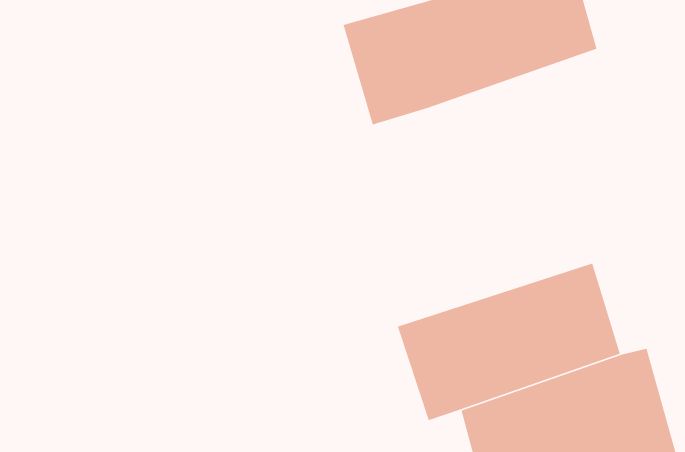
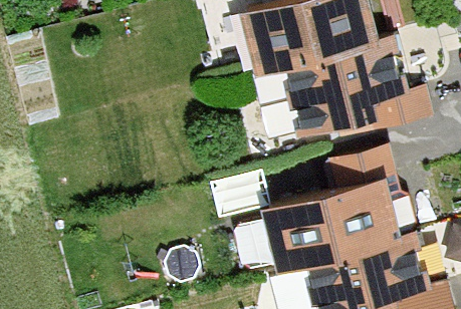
building: none -> [285,32,432,145]

